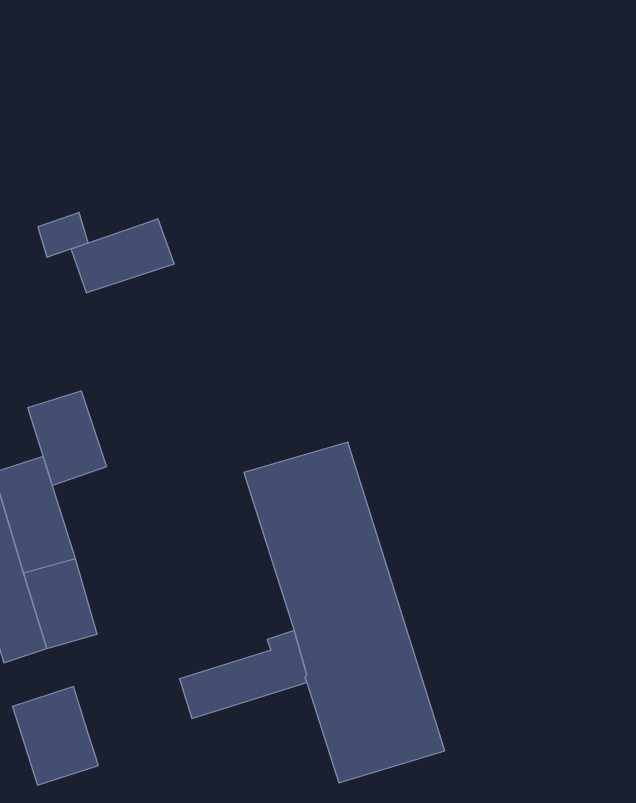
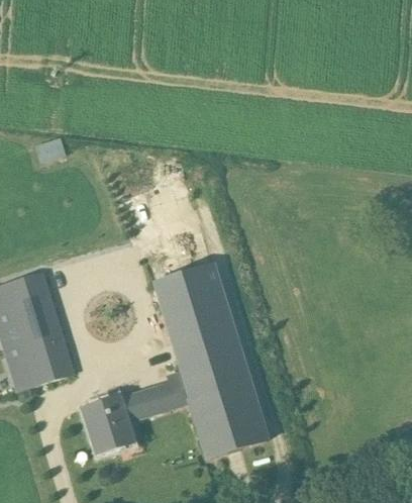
building: [71,219,174,293] -> none
building: [28,391,106,485] -> none
building: [12,687,98,785] -> [84,398,132,454]

